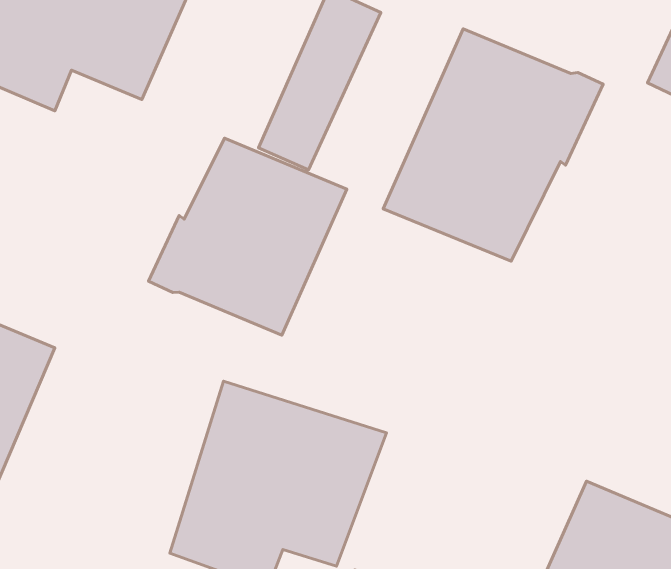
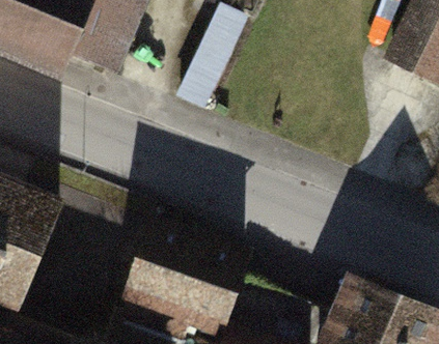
building: [383,29,603,261] -> none
building: [148,138,347,335] -> none

